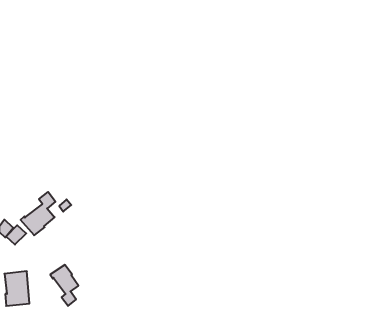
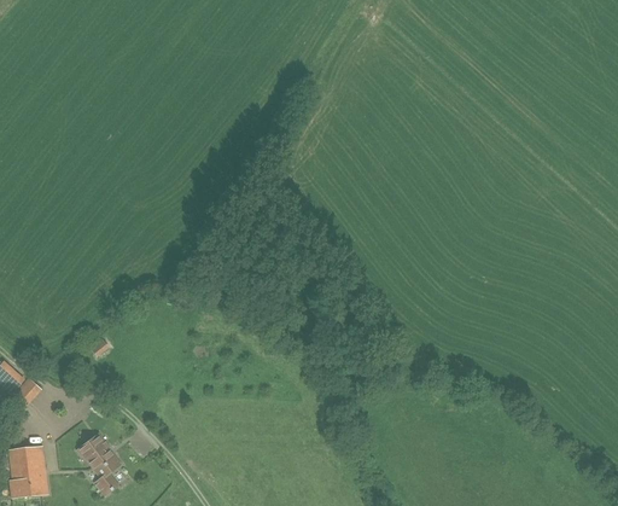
building: [21,192,55,235] -> none

